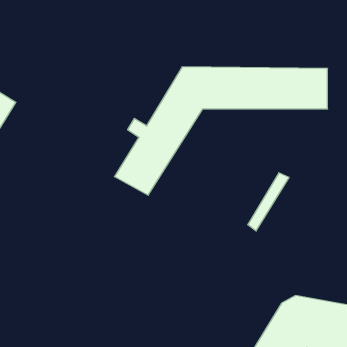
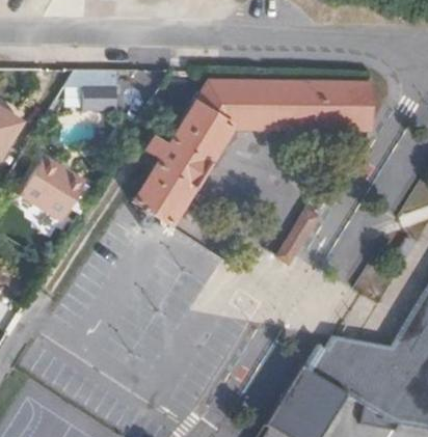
building: none -> [76,69,121,110]
building: none -> [22,157,88,221]

